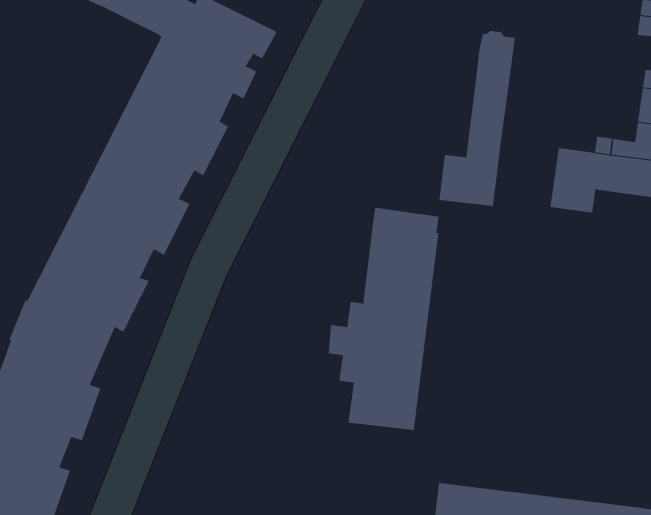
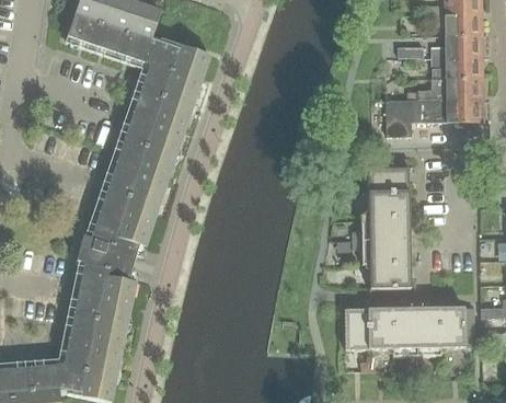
building: [439,30,516,207] -> none
building: [328,207,440,430] -> [352,158,411,288]

